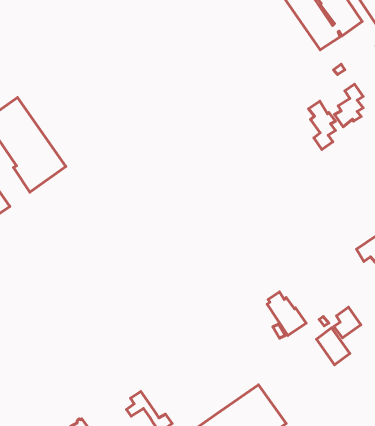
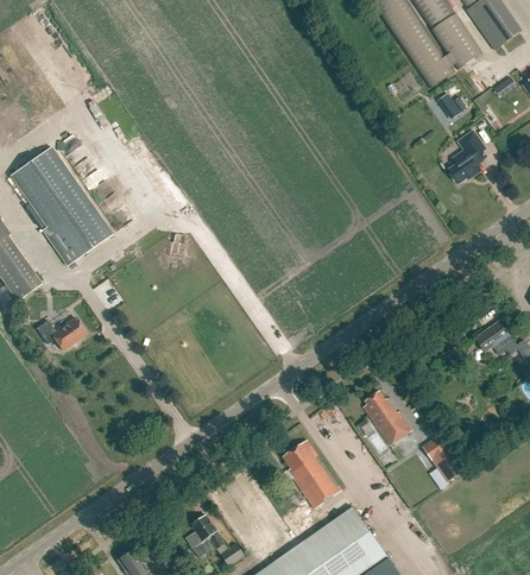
building: [309,101,335,150] -> none
building: none -> [34,316,86,349]
building: [334,307,361,338] -> none
building: none -> [282,438,340,507]

